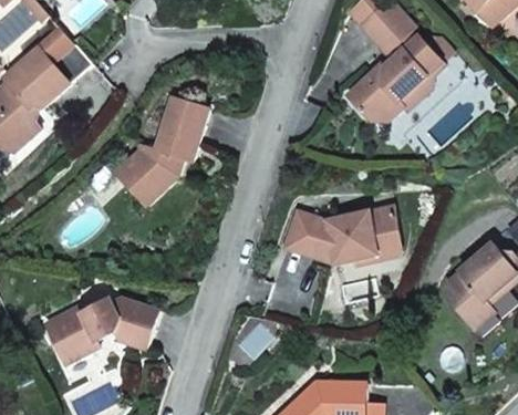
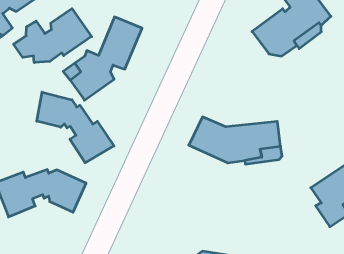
building: none -> [14,9,92,63]
building: none -> [37,92,114,163]

